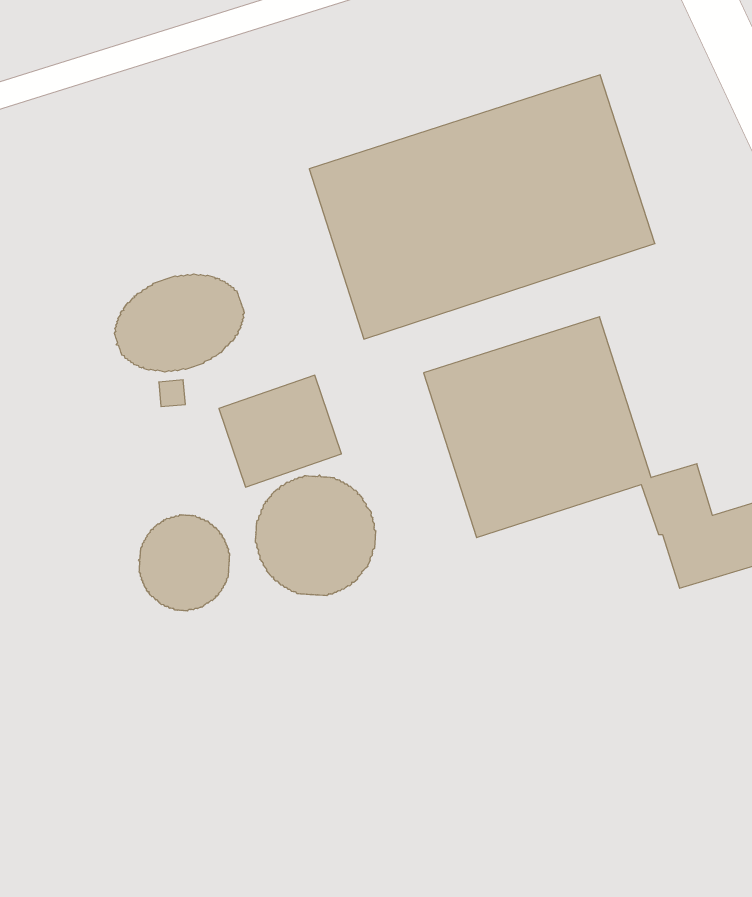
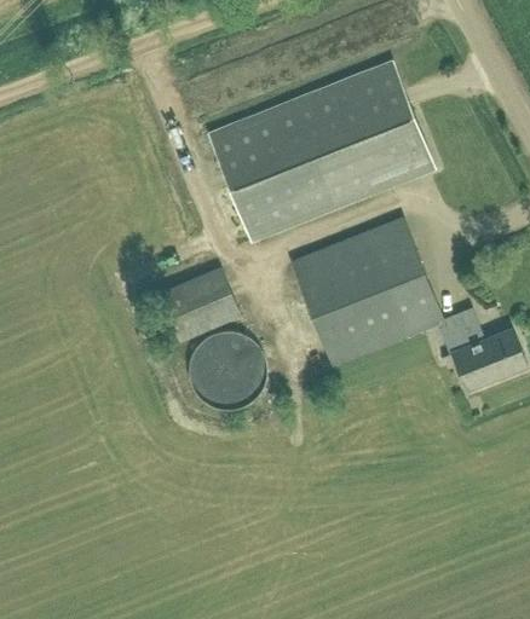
building: [114,274,244,372] -> none
building: [139,515,230,611] -> none

